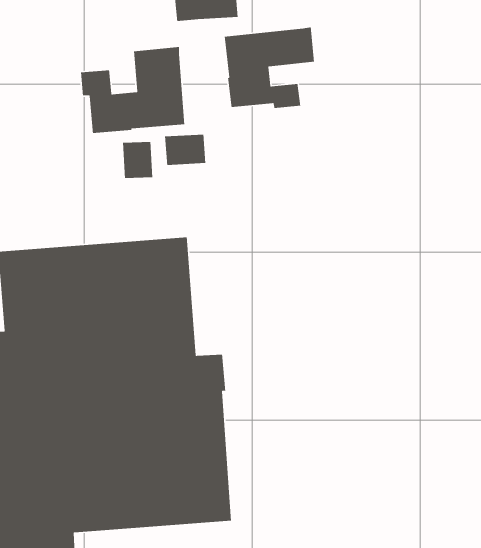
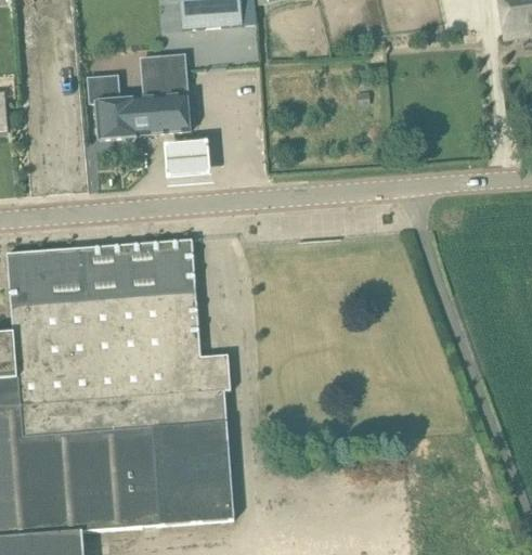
building: [224,26,315,109] -> none
building: [122,141,153,179] -> none

